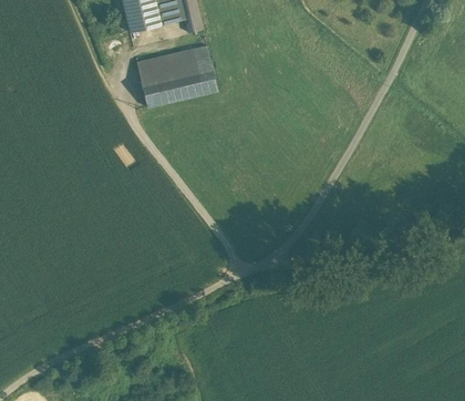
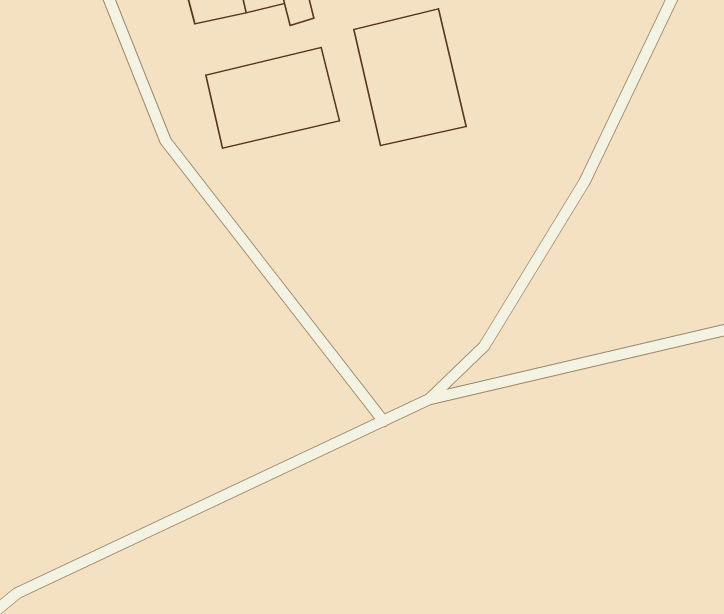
building: none -> [354,9,466,146]

